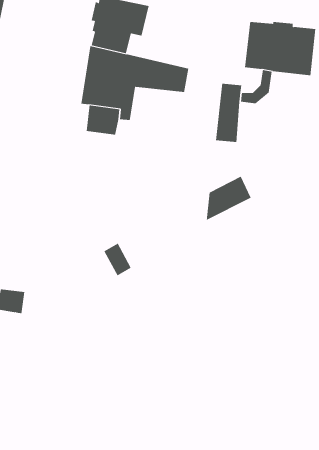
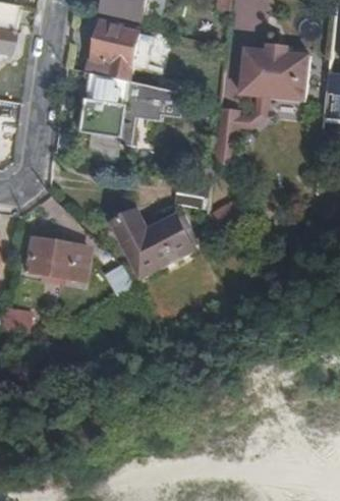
building: none -> [112,210,197,275]
building: none -> [24,236,86,277]

